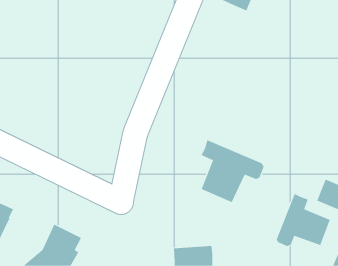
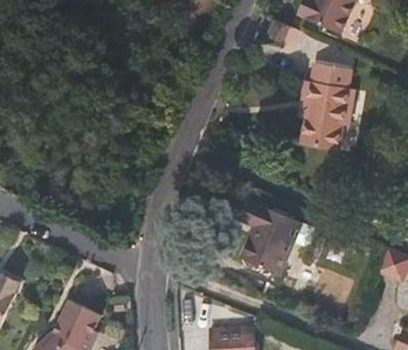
building: none -> [299,62,356,150]
building: [276,193,330,247] -> none

